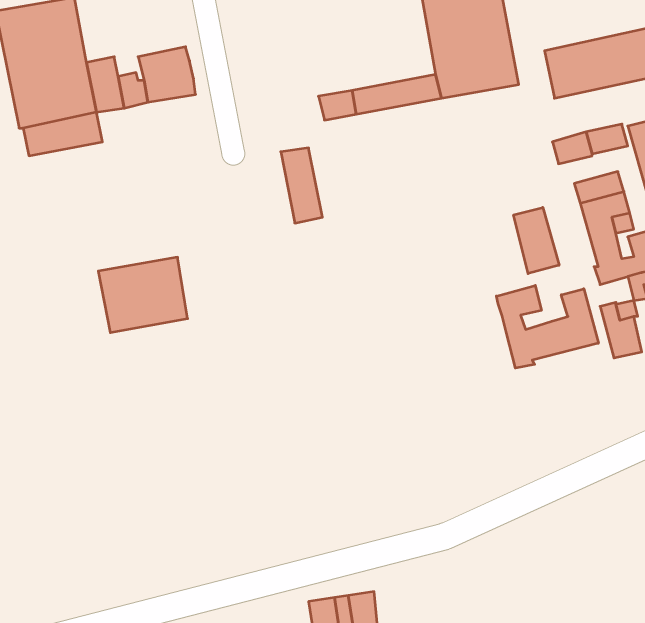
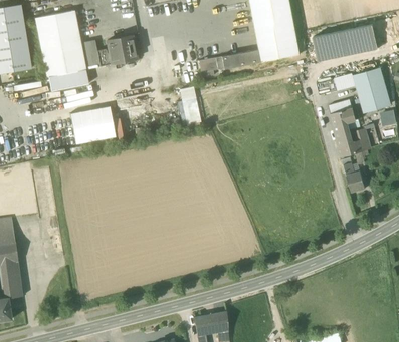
building: [514,207,559,274] -> none
building: [98,257,188,333] -> [69,106,115,144]
building: [496,285,598,368] -> none

